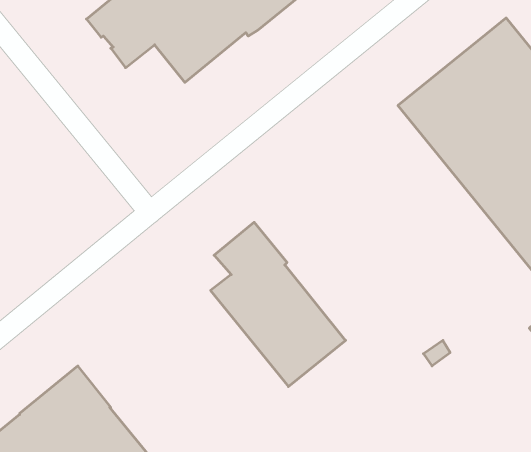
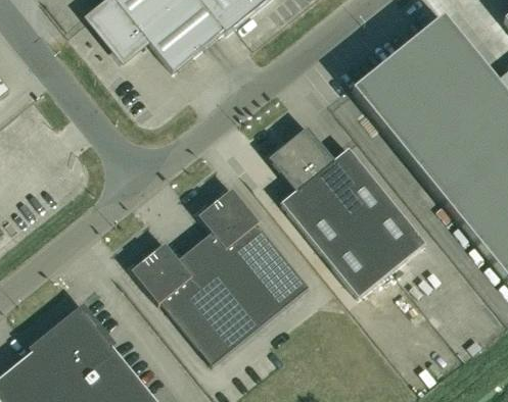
building: none -> [270,125,426,296]
building: none -> [132,241,261,363]

